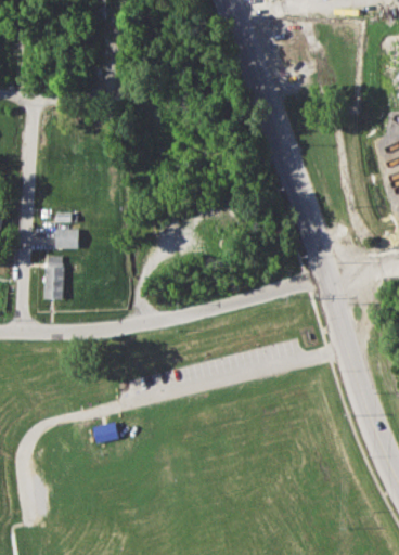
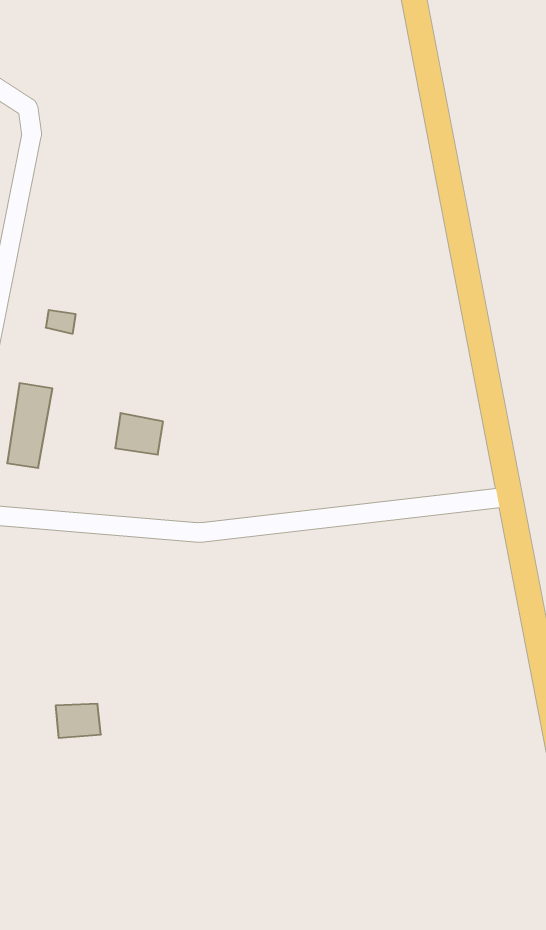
building: [54,229,78,248] -> [115,413,163,455]

